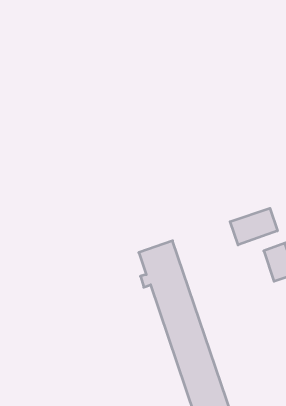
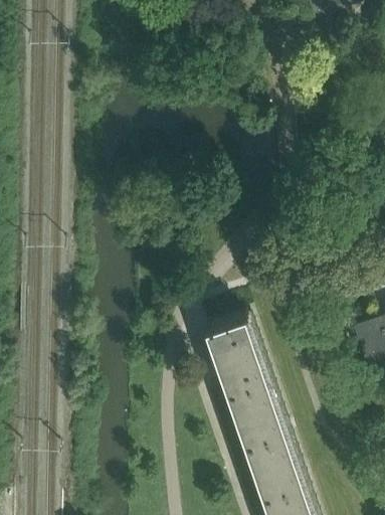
building: [230,208,277,245] -> none

